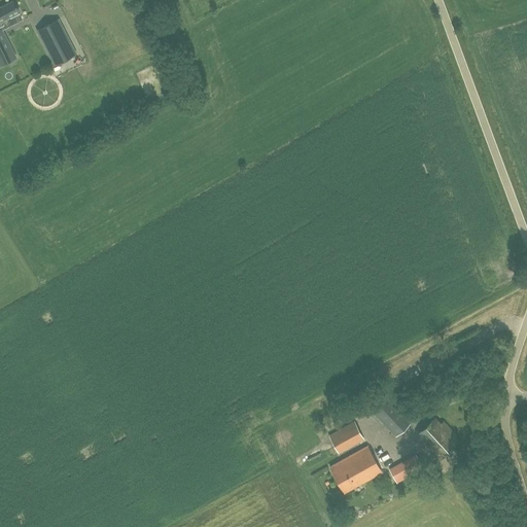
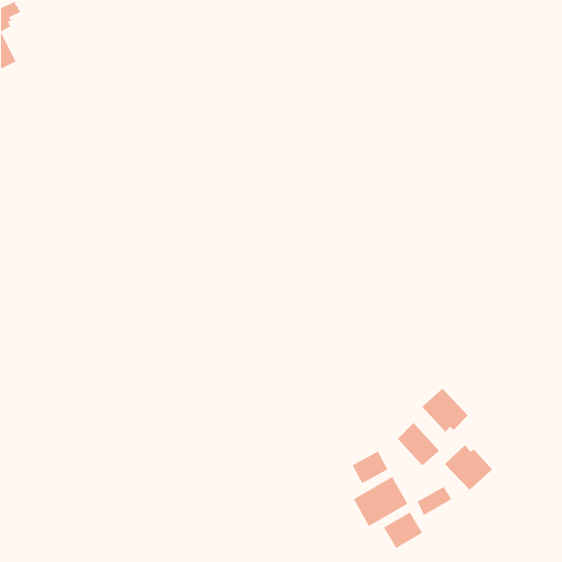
building: [38,20,75,65] -> none
building: none -> [422,388,469,433]
building: none -> [383,511,423,549]

